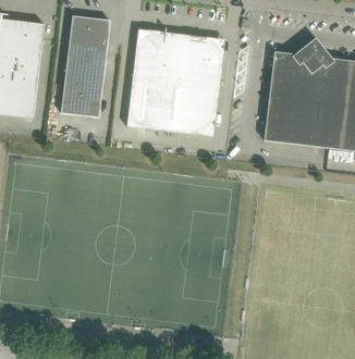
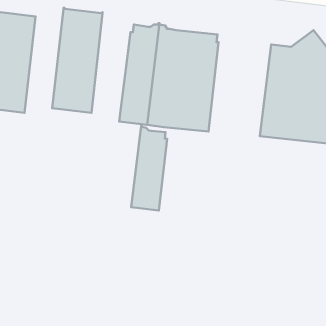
building: none -> [131,126,167,211]

